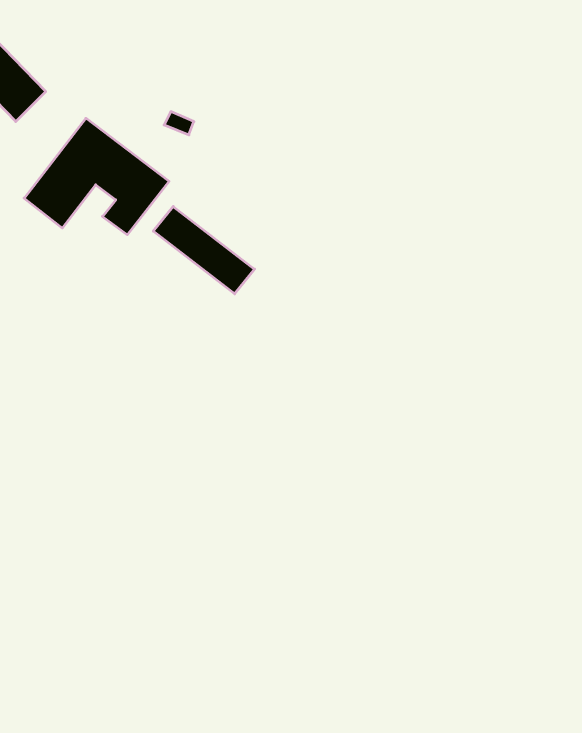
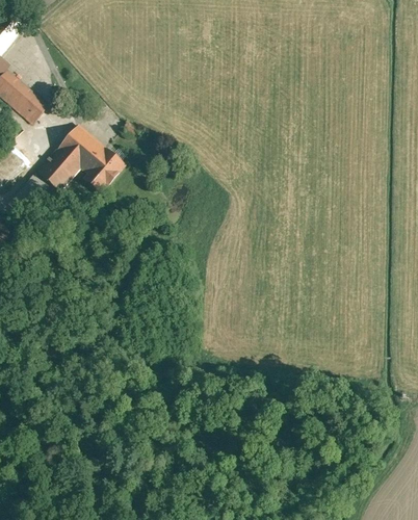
building: [153,206,255,294] -> none

